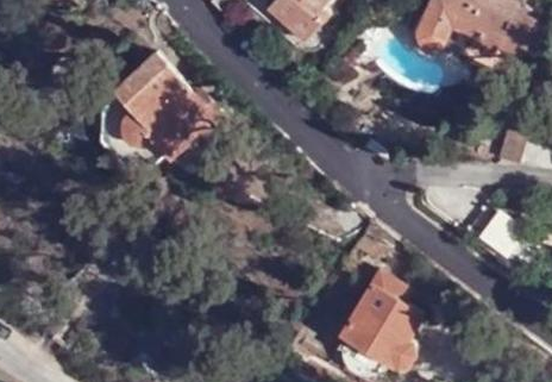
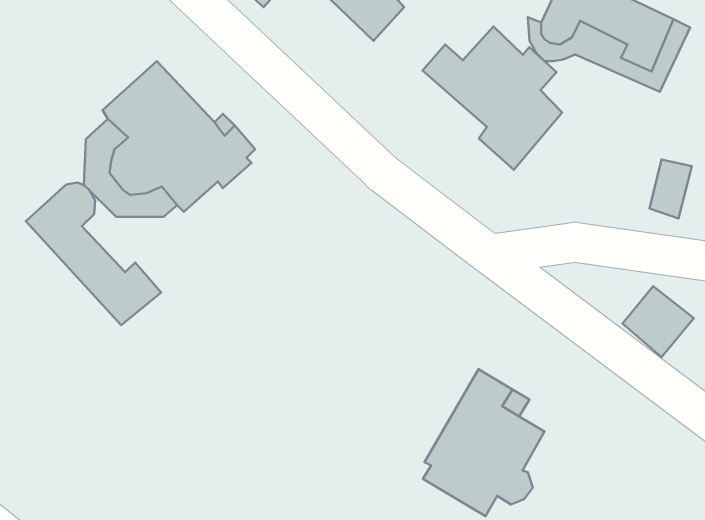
building: none -> [423,26,562,170]
building: none -> [26,183,161,325]

